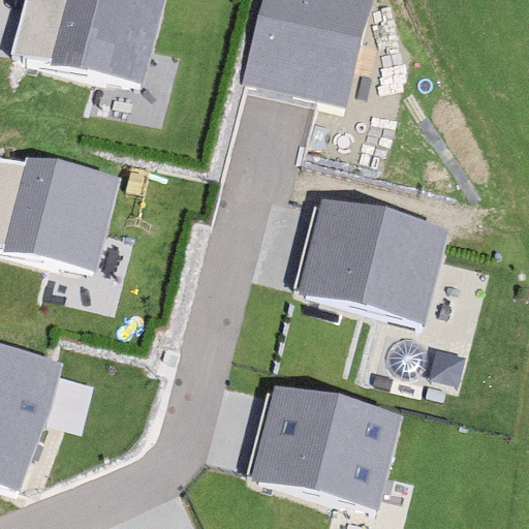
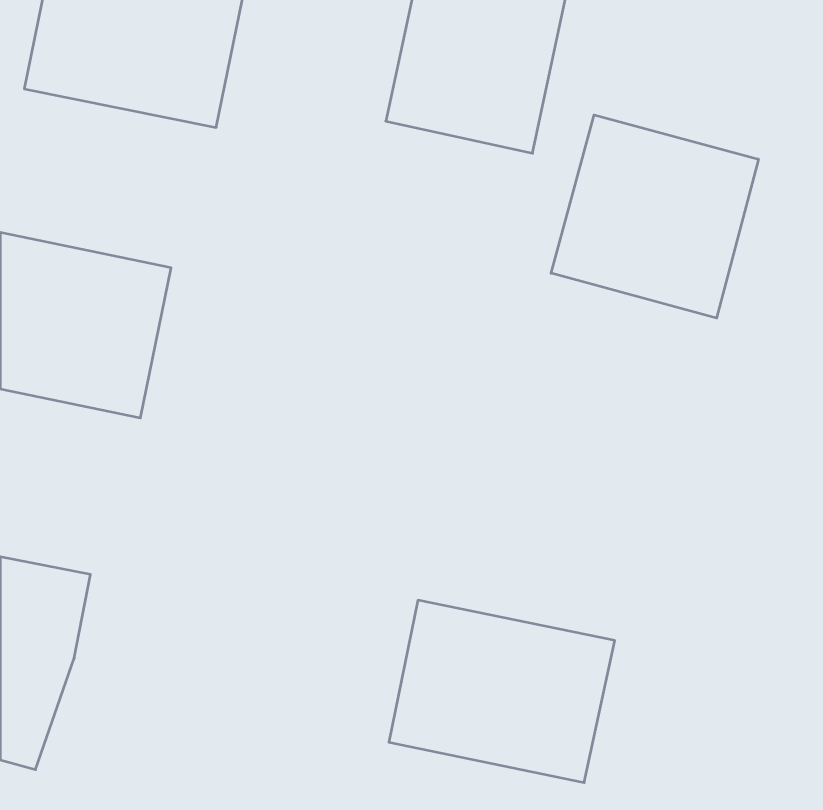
building: none -> [551,115,758,318]
building: [292,200,450,328] -> none

